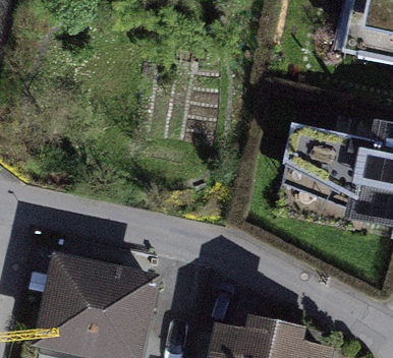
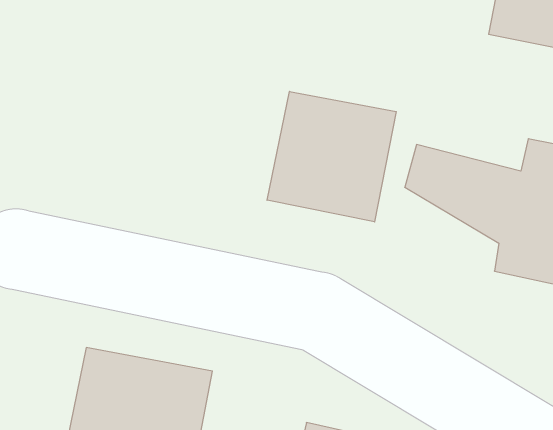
building: none -> [267,91,396,222]

